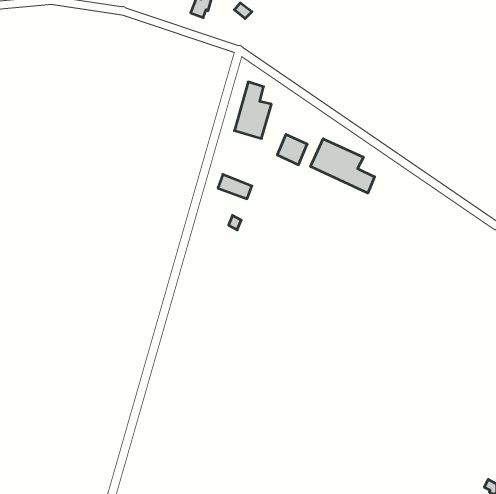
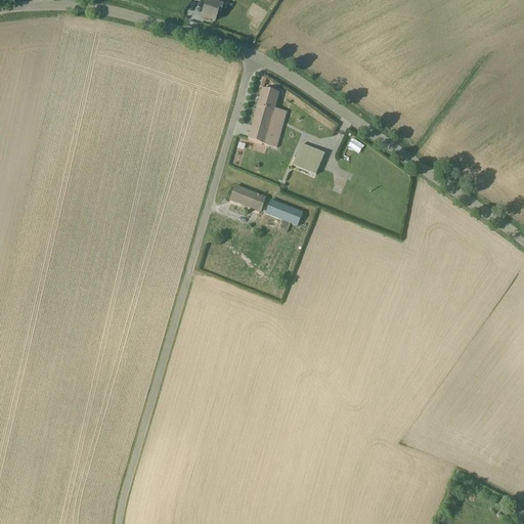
building: [311,139,375,193] -> none
building: none -> [265,198,303,230]

